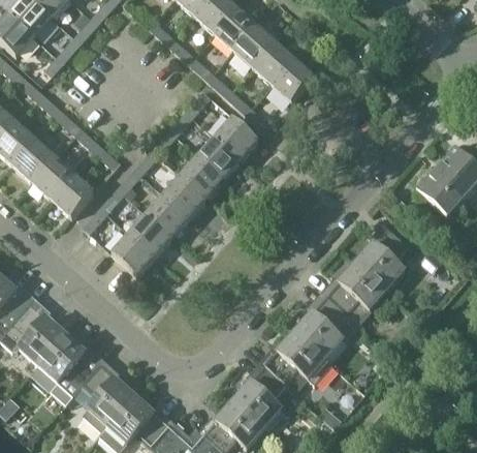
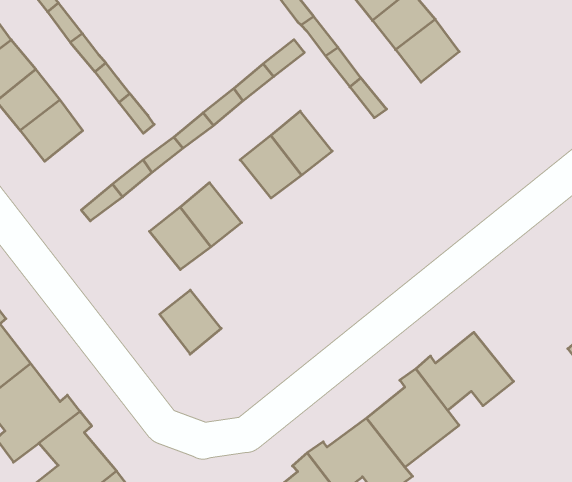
building: [215,116,258,158] -> none
building: [52,174,94,216] -> none
building: [163,175,205,216] -> none
building: [355,222,409,290] -> none
building: [112,233,154,275] -> [160,290,221,354]

